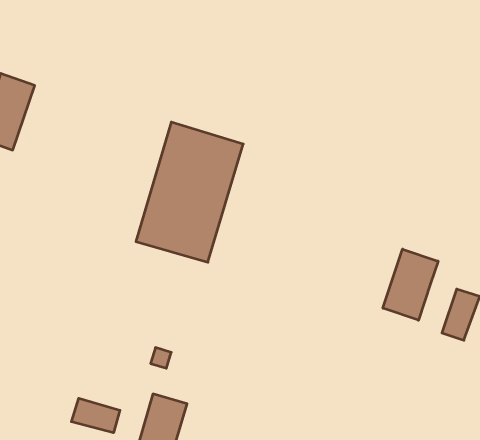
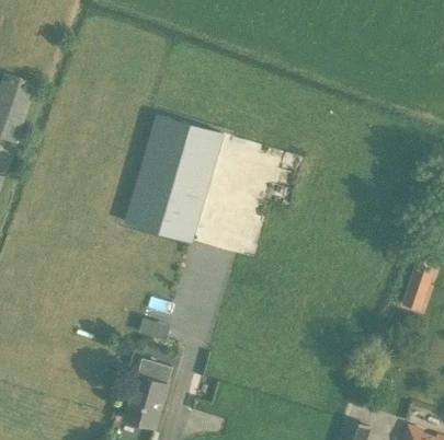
building: [383,249,438,320] -> none
building: [71,398,120,433] -> none

